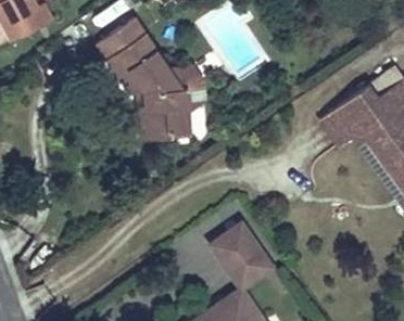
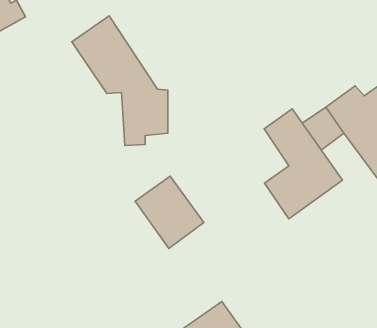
building: none -> [264,109,342,219]
building: [209,222,275,292] -> [135,176,204,249]

